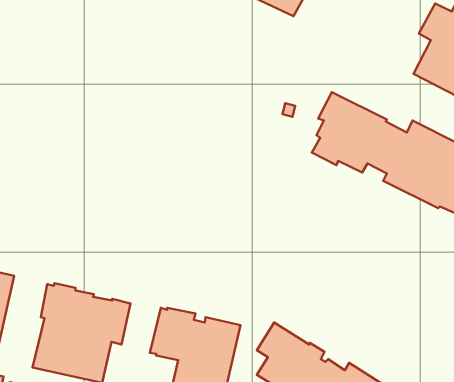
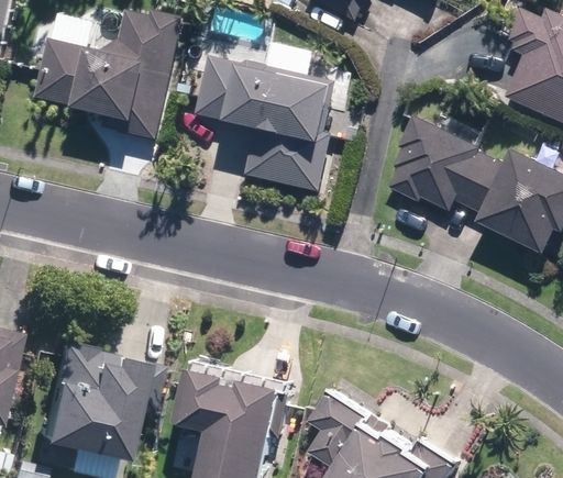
building: none -> [32,10,183,140]
building: none -> [195,56,339,191]

